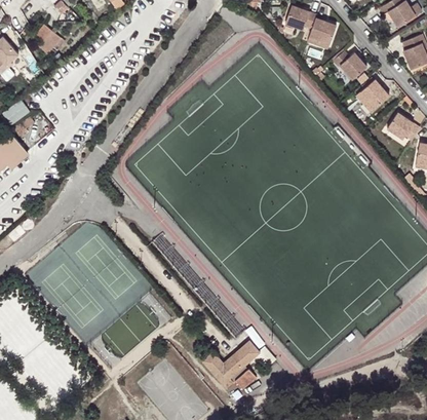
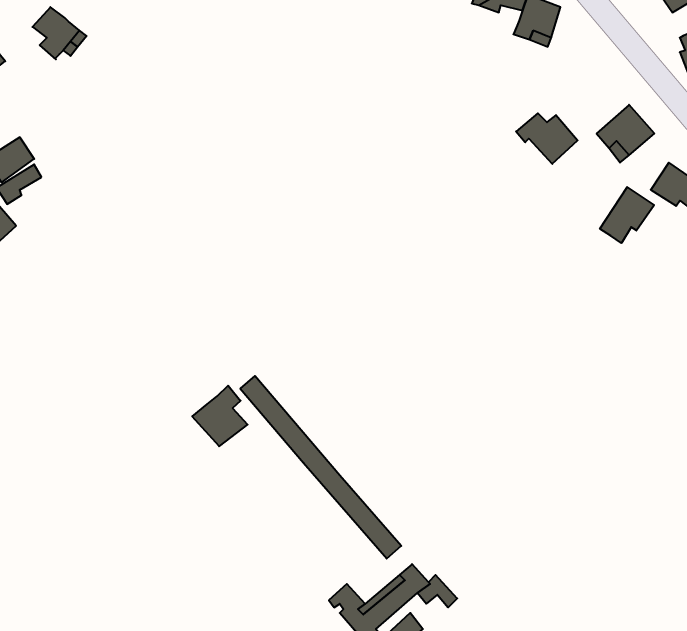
building: [331,51,365,80] -> [516,113,578,164]
building: none -> [600,187,654,243]
building: none -> [192,386,248,446]

